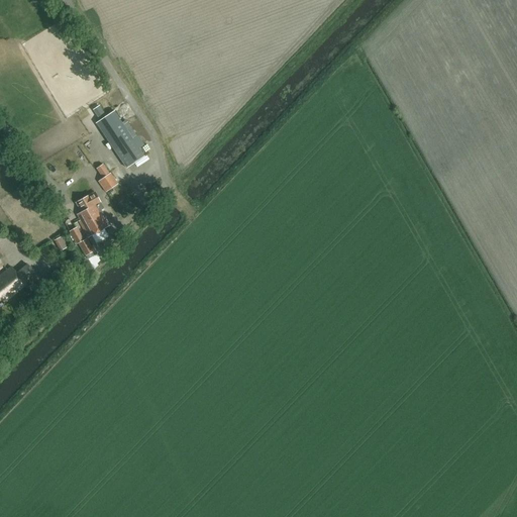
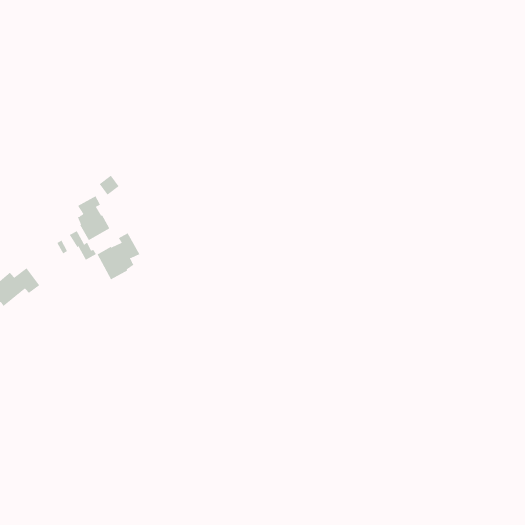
building: [100,110,143,168] -> none
building: none -> [97,232,140,280]

